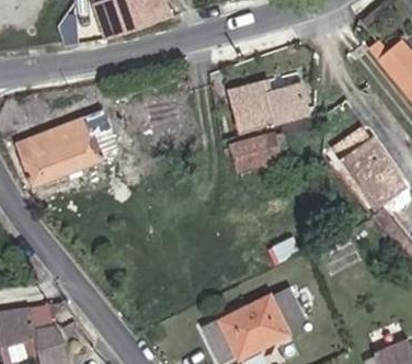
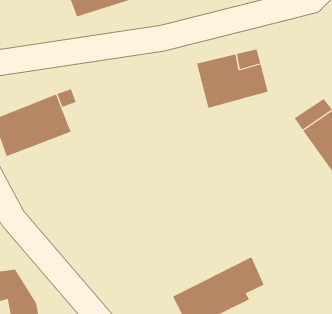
building: [231,136,279,173] -> none

